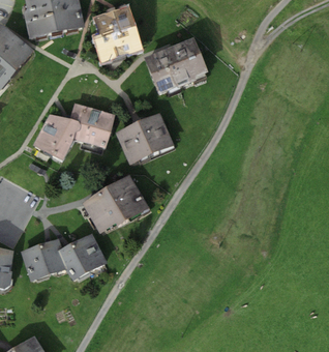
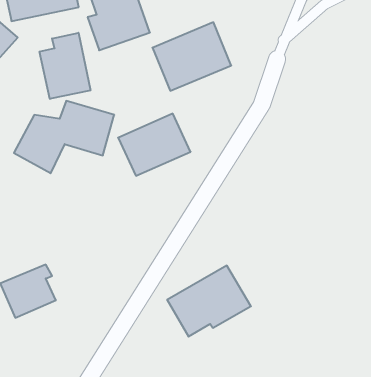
building: none -> [40,33,90,99]
building: [82,175,150,233] -> [167,266,251,337]
building: [57,232,107,277] -> none

